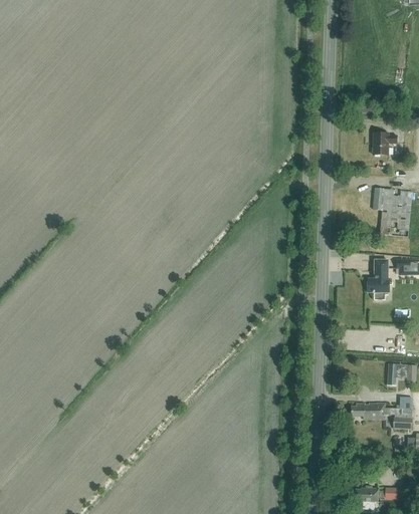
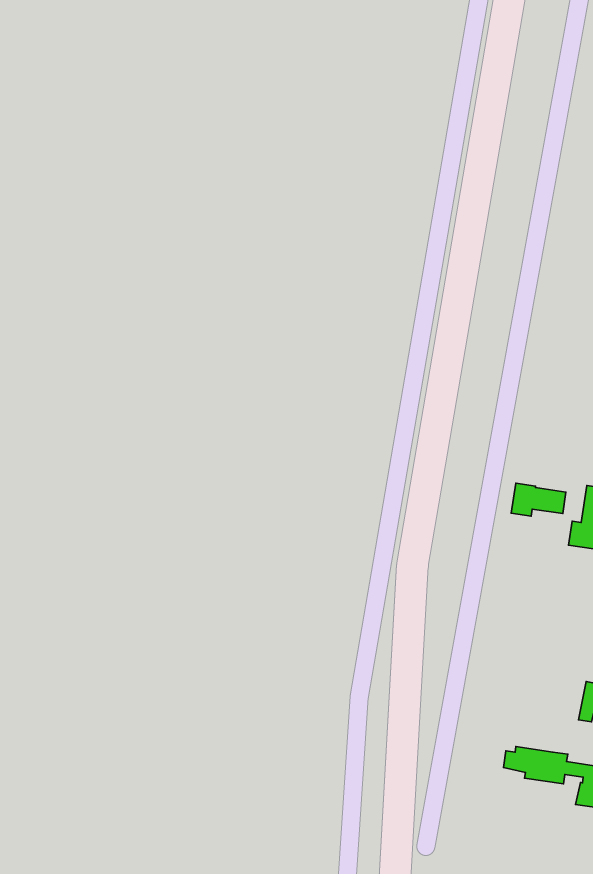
building: none -> [511,483,566,516]

